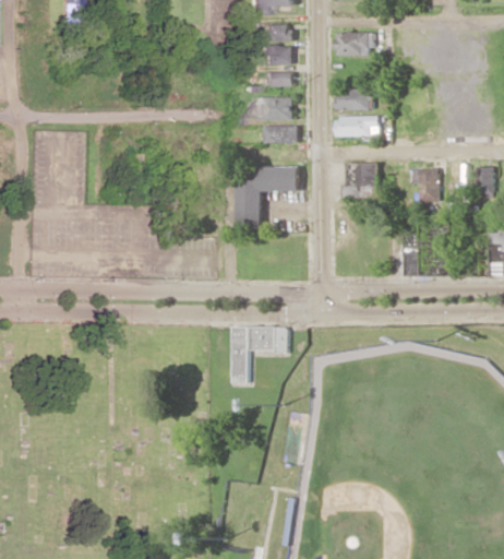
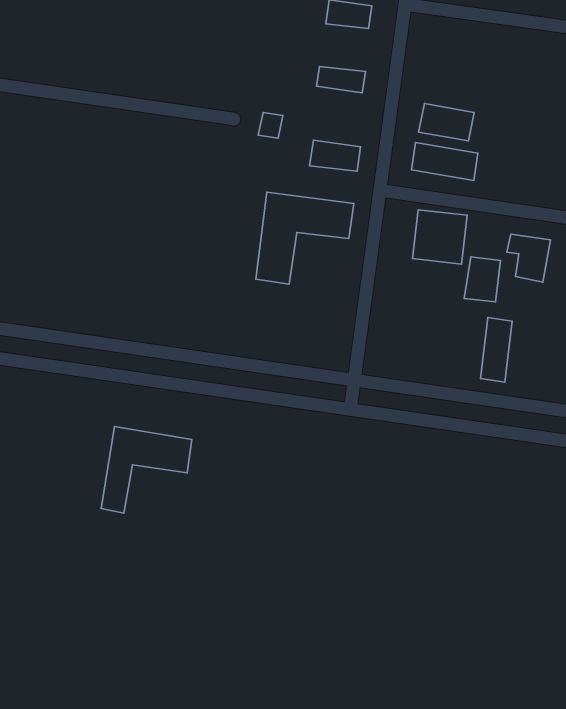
building: [336,33,373,57] -> none
building: [260,46,293,66] -> none
building: [252,97,293,121] -> none
building: none -> [464,257,500,302]
building: [230,326,287,386] -> [101,427,192,513]

